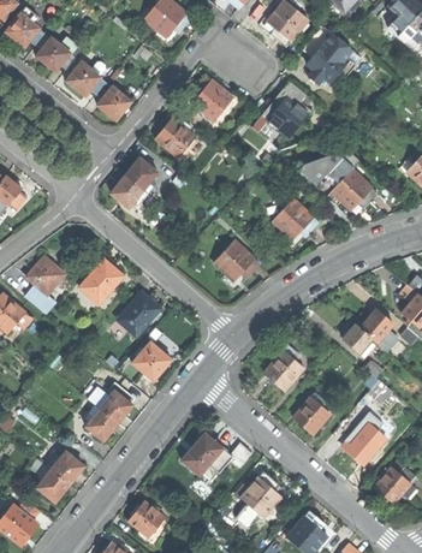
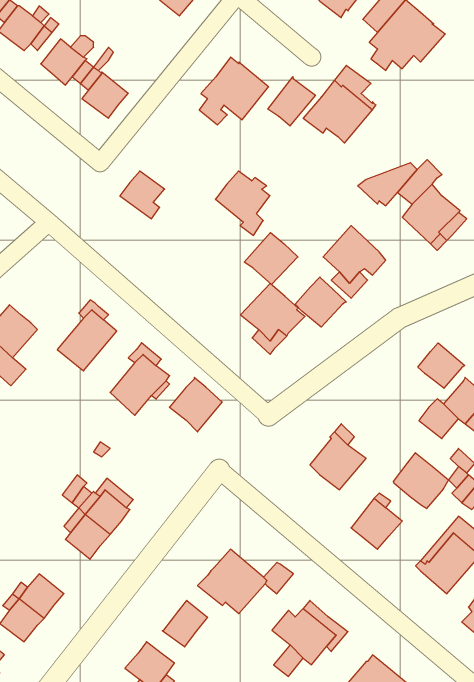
building: none -> [268,77,315,126]
building: [155,118,195,165] -> [215,171,270,235]
building: [111,177,148,208] -> none
building: none -> [244,233,298,284]
building: none -> [295,277,346,327]
building: none -> [418,343,465,388]
building: [132,341,171,381] -> [169,377,222,432]
building: none -> [393,453,449,509]
building: none -> [162,600,208,647]

